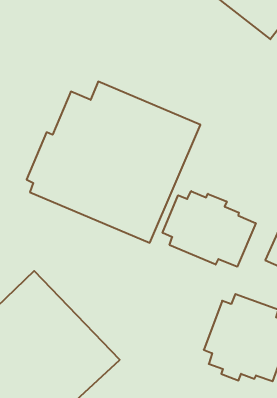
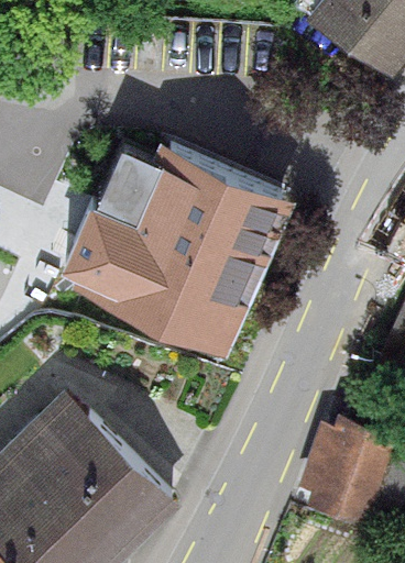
building: [163,191,256,267] -> none

